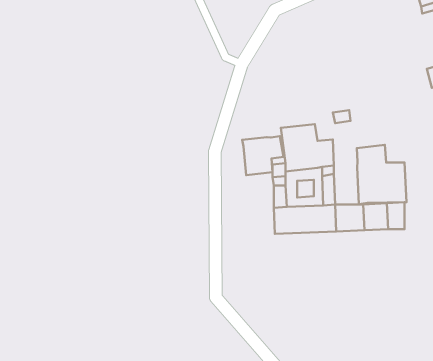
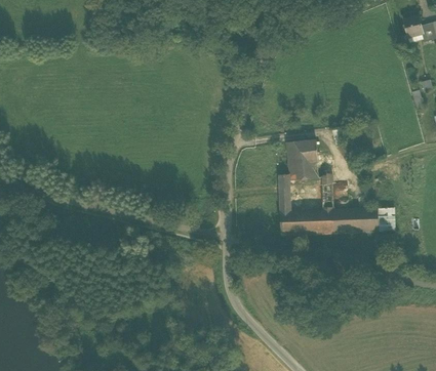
building: [242,136,283,175] -> none
building: [357,145,406,204] -> none

